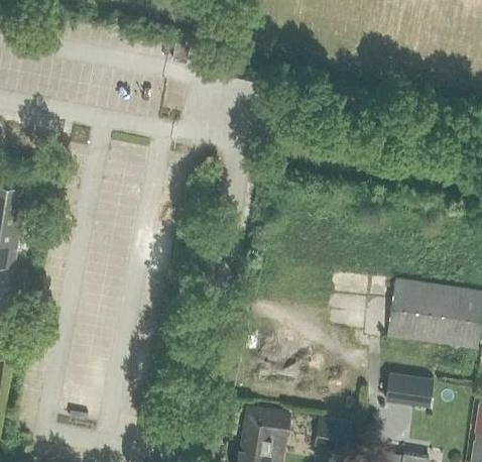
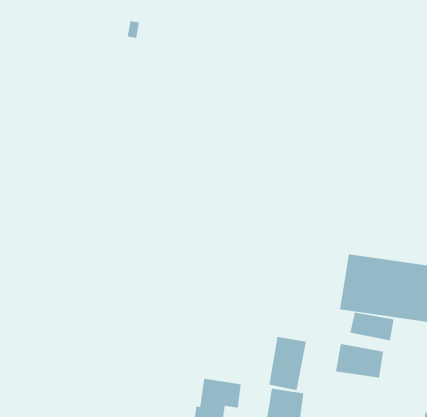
building: none -> [350,312,394,341]
building: none -> [269,336,307,391]

